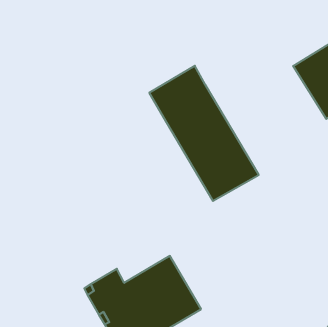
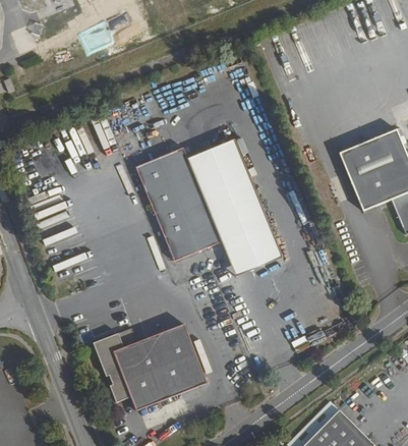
building: none -> [136,146,221,259]

